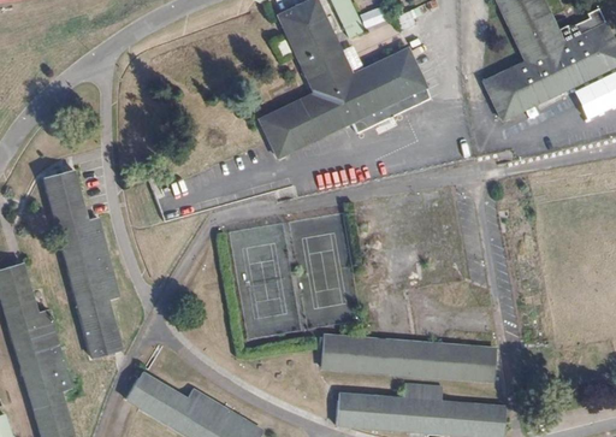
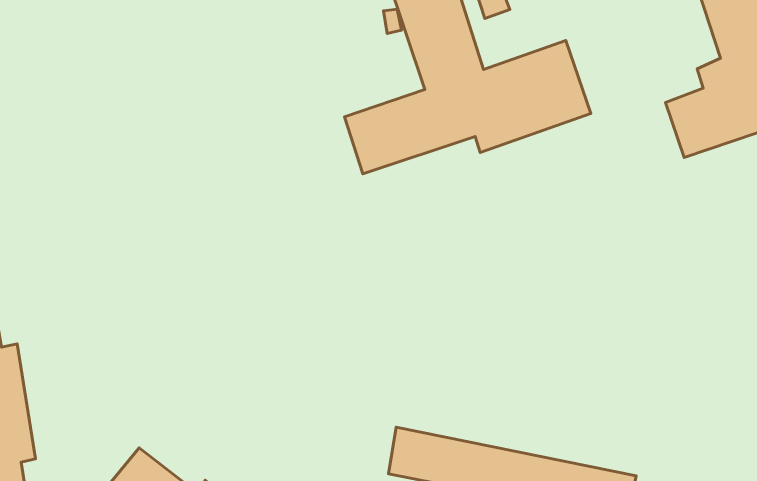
building: [43,170,122,358] -> none

